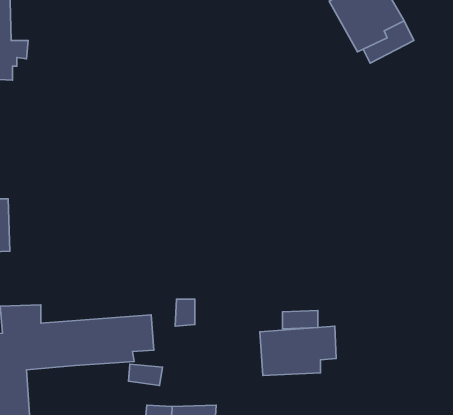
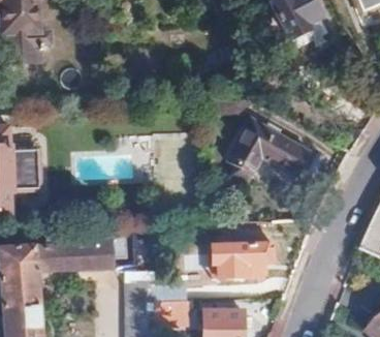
building: none -> [229,121,310,184]

